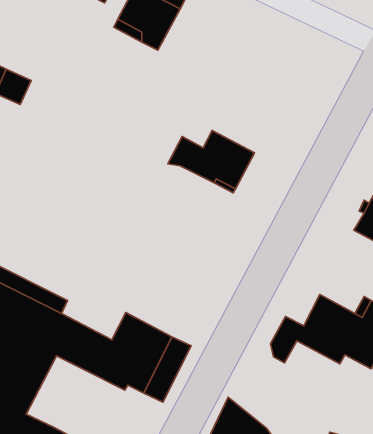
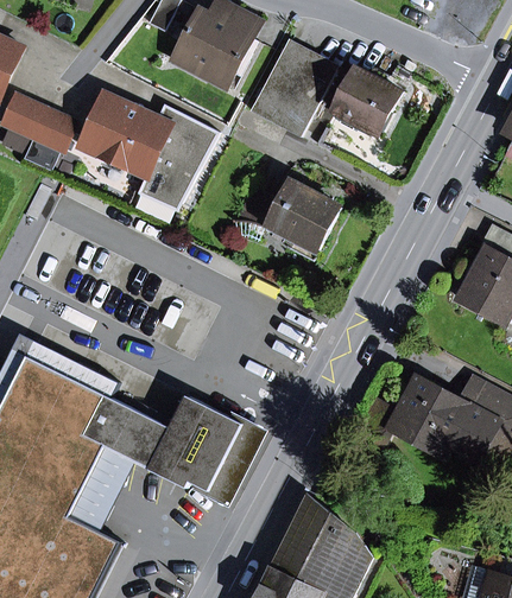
building: none -> [249,44,334,136]
building: none -> [333,69,402,134]
building: none -> [81,95,216,212]
building: none -> [69,447,135,532]

